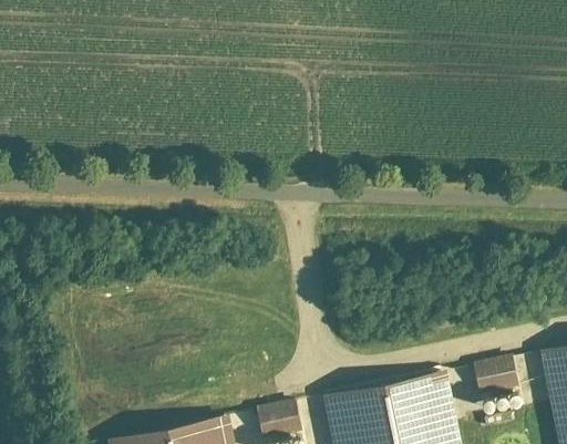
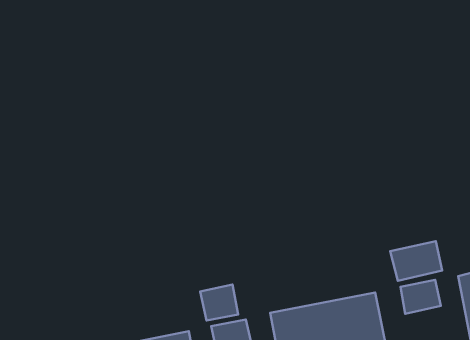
building: none -> [390,241,442,281]
building: none -> [200,284,238,320]

